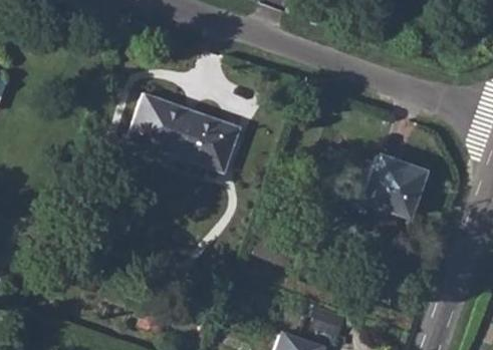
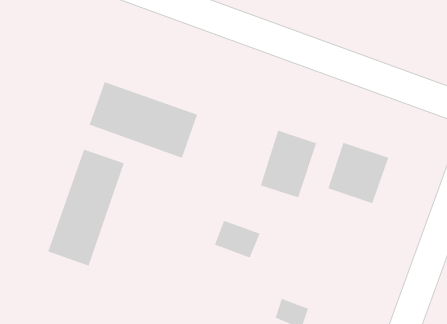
building: none -> [260,130,317,198]
building: none -> [48,149,125,267]

